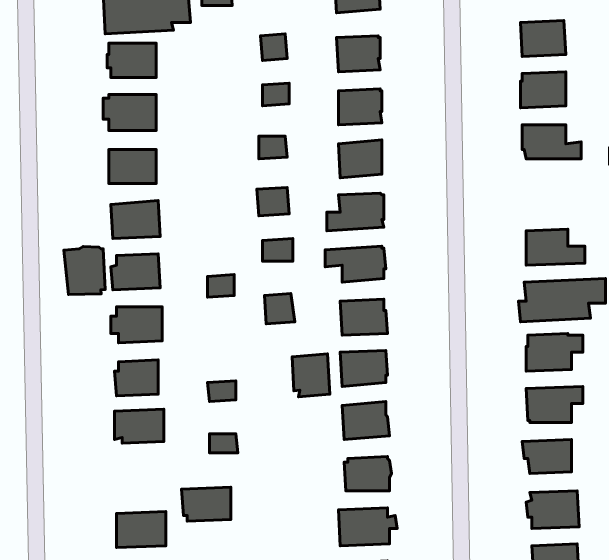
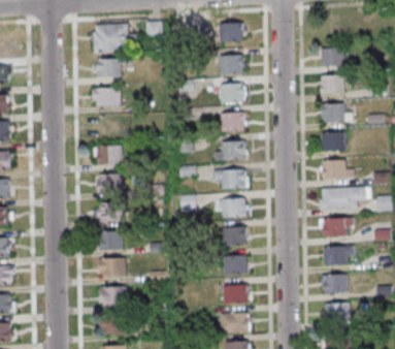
building: none -> [320,132,344,152]
building: [64,247,105,295] -> none
building: [292,354,330,397] -> none
building: [182,487,231,521] -> [99,287,126,306]

